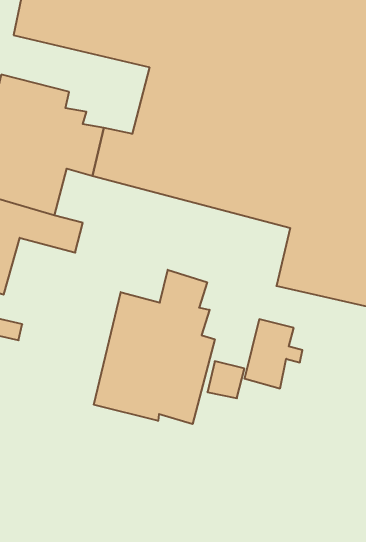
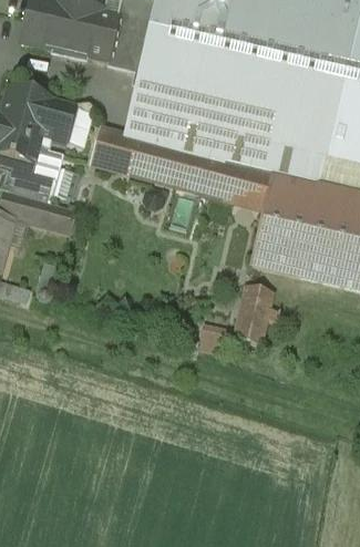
building: [94,270,215,424] -> none

